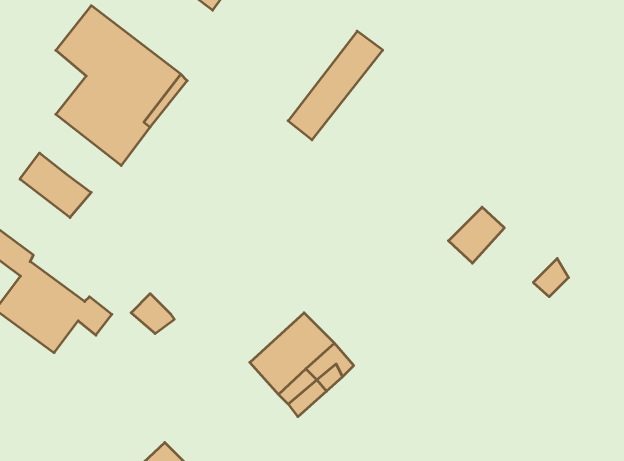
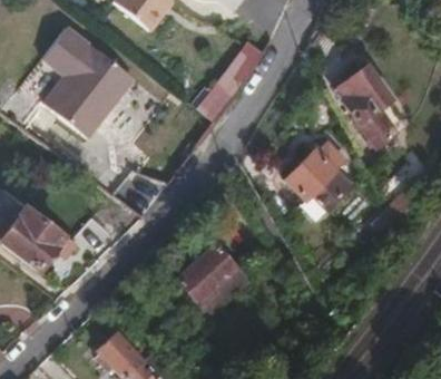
building: none -> [336,65,396,144]
building: [20,153,91,218] -> none
building: none -> [286,142,346,200]

